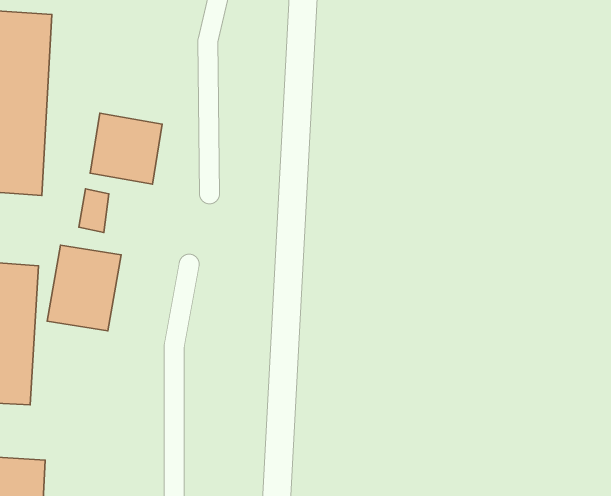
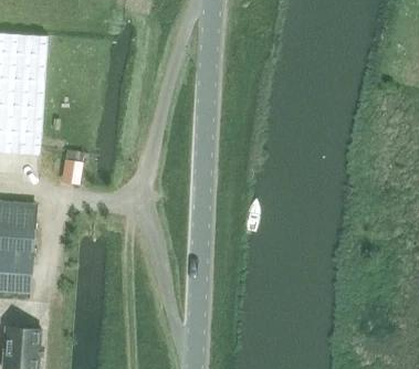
building: [90,113,162,184] -> none
building: [47,245,121,331] -> none

